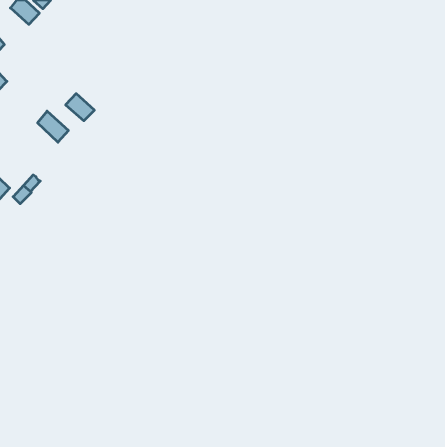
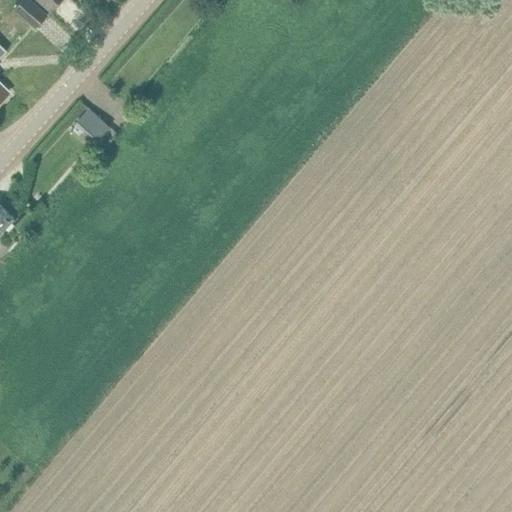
building: [38,111,68,142] -> none

